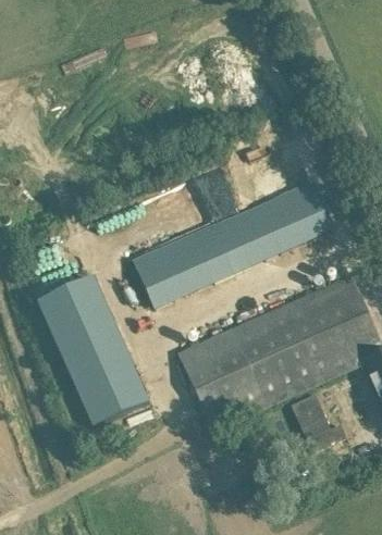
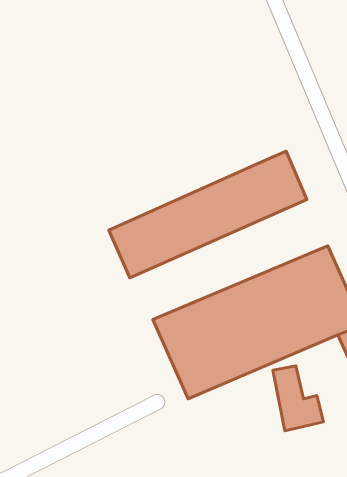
building: [40,274,149,421] -> none

